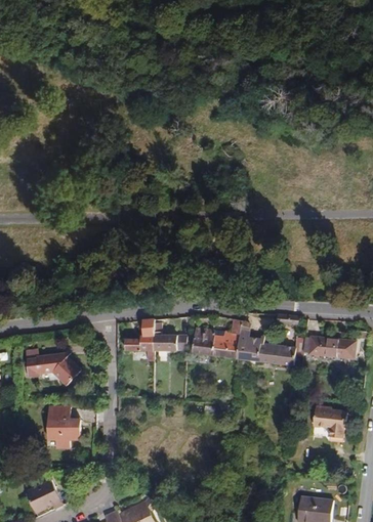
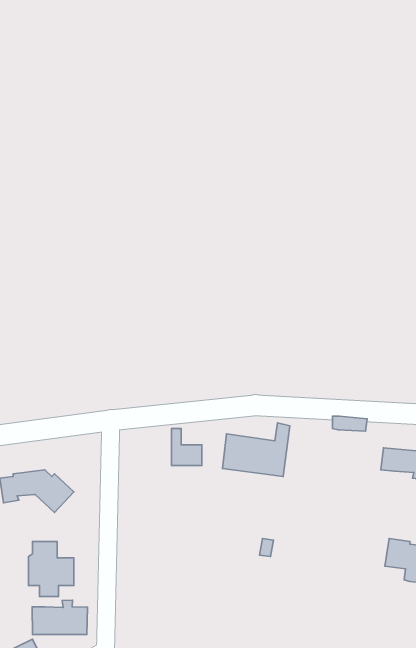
building: [125,318,155,359] -> none
building: [237,320,295,365] -> none
building: none -> [32,600,88,635]

